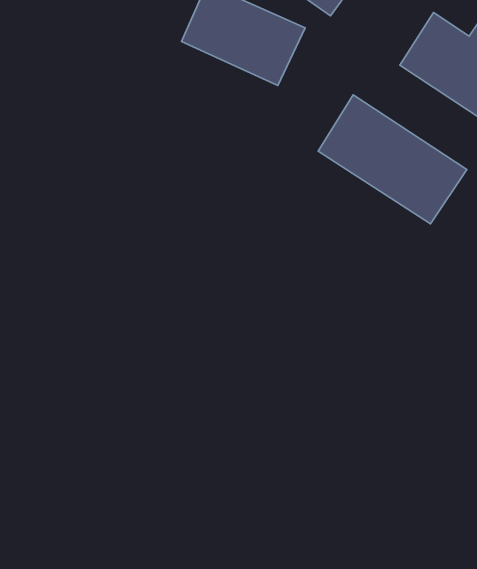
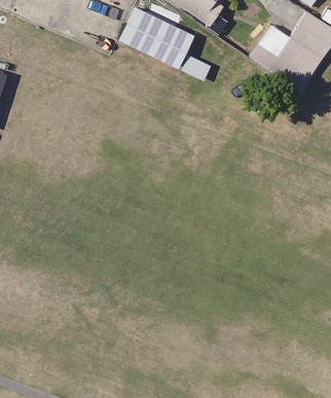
building: [318,95,467,224] -> none

